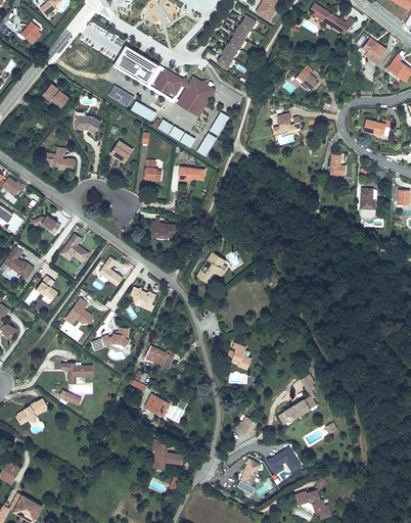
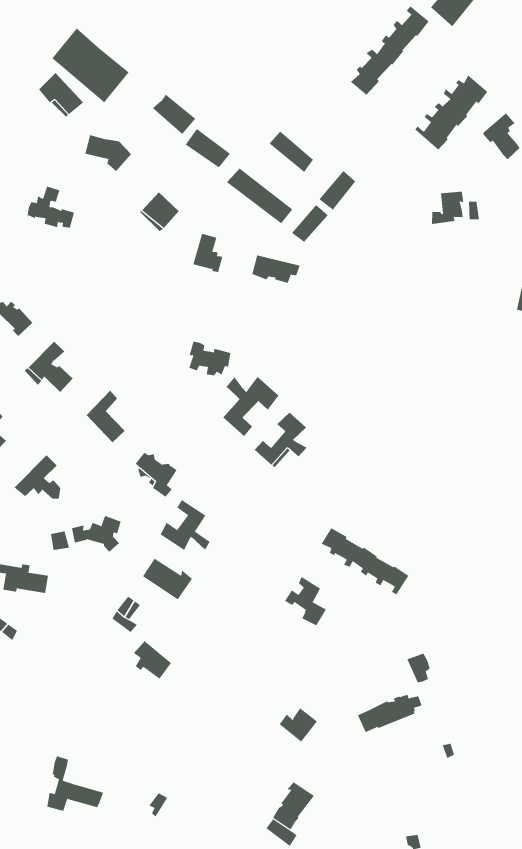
building: [115,44,159,84] -> [52,27,130,103]
building: none -> [414,74,488,150]
building: [154,68,183,94] -> none
building: [182,77,215,108] -> none
building: none -> [222,376,279,437]
building: none -> [160,499,211,551]
building: none -> [321,527,409,595]
building: [153,438,184,469] -> [46,756,104,812]
building: [266,446,302,474] -> none

